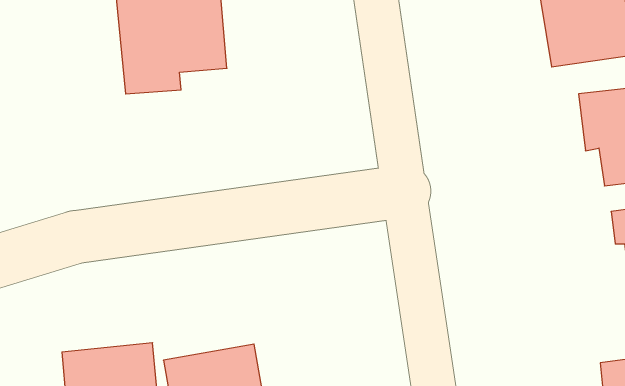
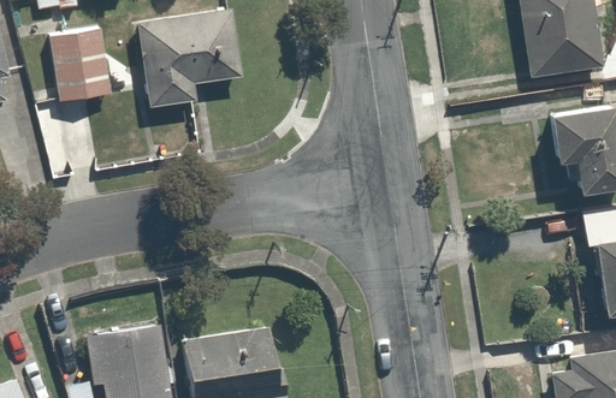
building: none -> [51,30,118,105]

